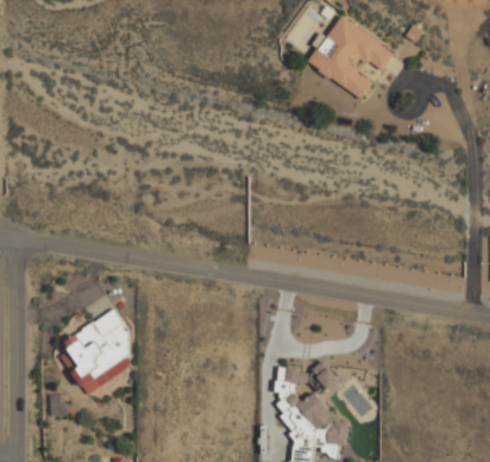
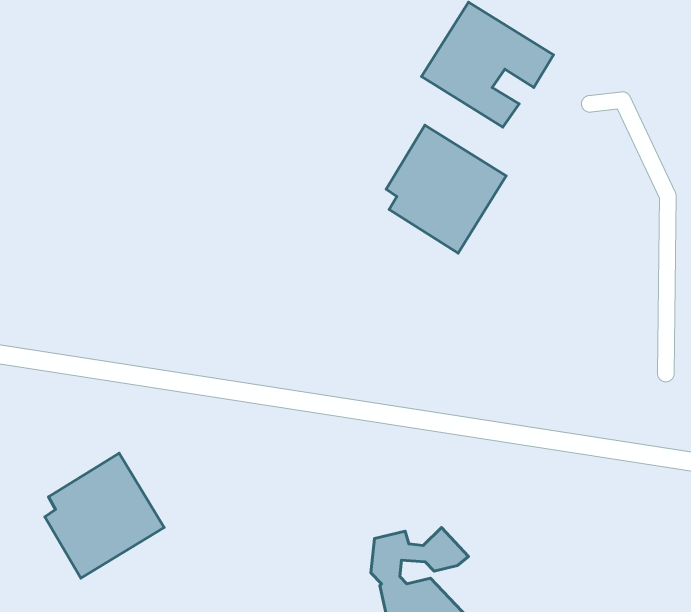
building: none -> [386,125,506,253]

